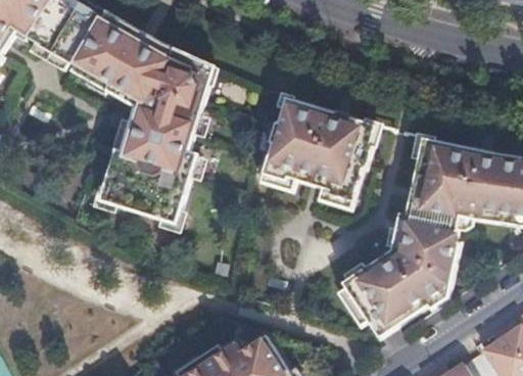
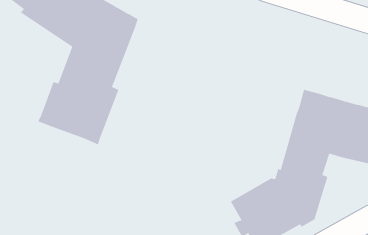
building: [264,97,377,200] -> none

